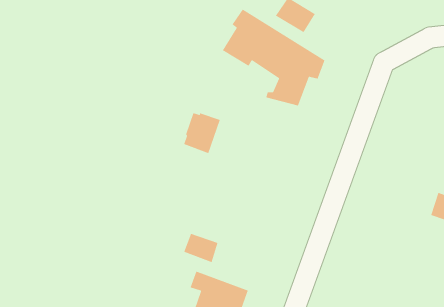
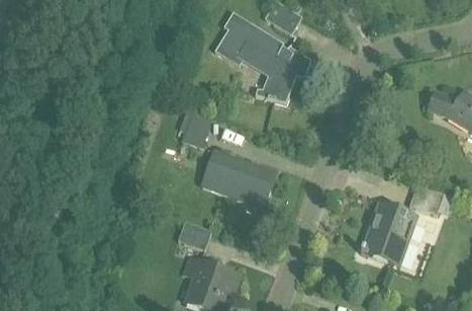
building: none -> [201,150,276,208]
building: none -> [362,204,415,265]

